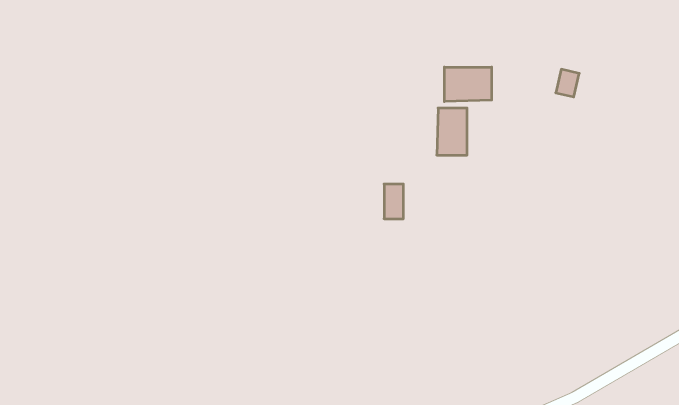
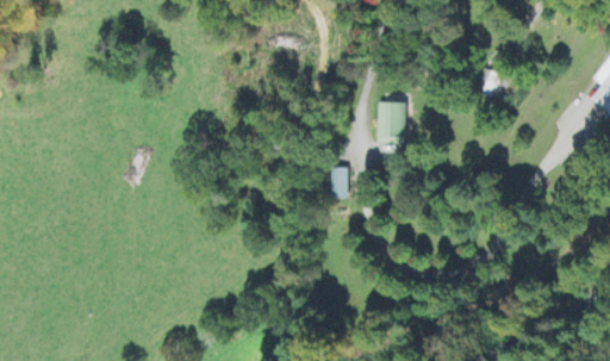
building: [444,67,492,102] -> none

